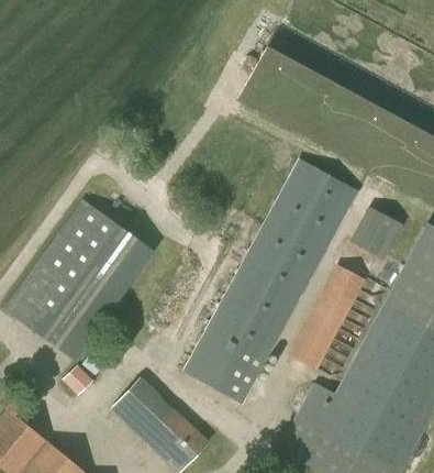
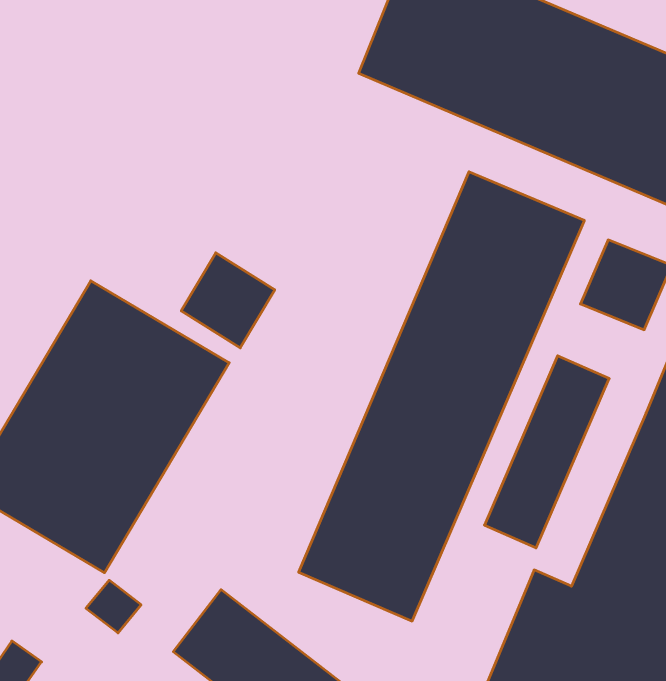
building: none -> [181,253,275,348]

